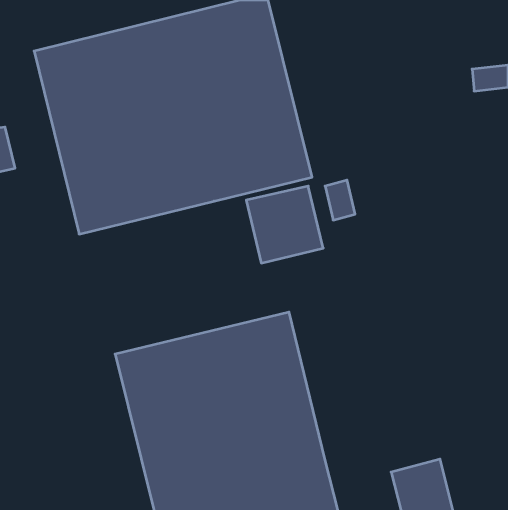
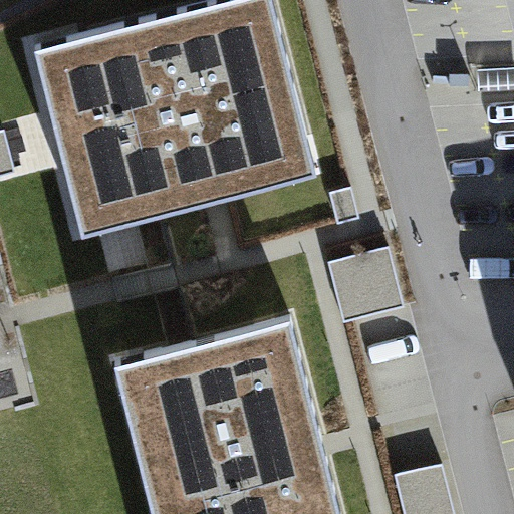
building: [246,186,323,263] -> [325,243,403,320]

